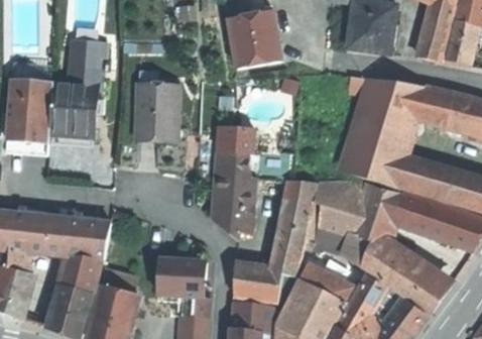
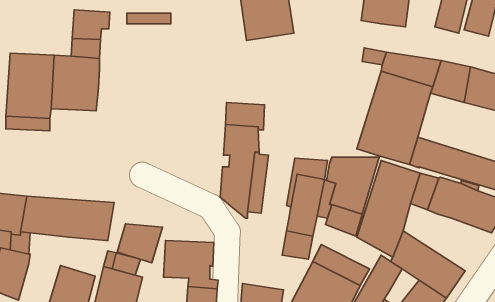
building: [136,84,178,135] -> none
building: [58,256,102,294] -> [117,224,162,263]
building: [233,267,283,304] -> none

